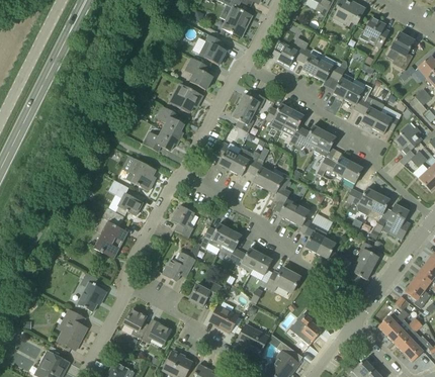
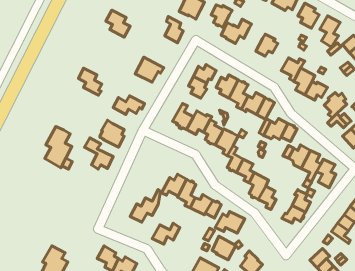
building: [299,48,325,75] -> [211,5,232,27]
building: [184,57,213,89] -> [106,10,130,37]
building: [333,59,353,98] -> none
building: [156,105,184,137] -> [78,68,102,95]
building: [172,205,198,237] -> none
building: [94,207,126,257] -> [45,126,72,168]
building: [77,272,107,311] -> none
building: [210,303,239,332] -> [212,236,236,260]

